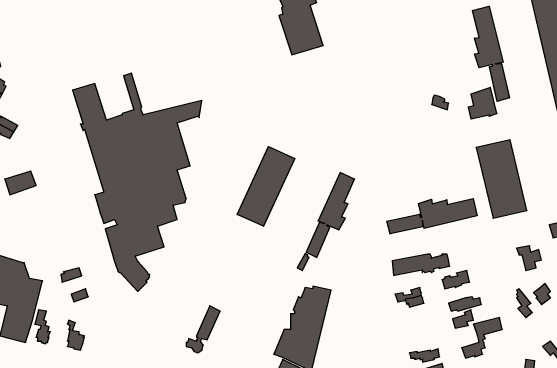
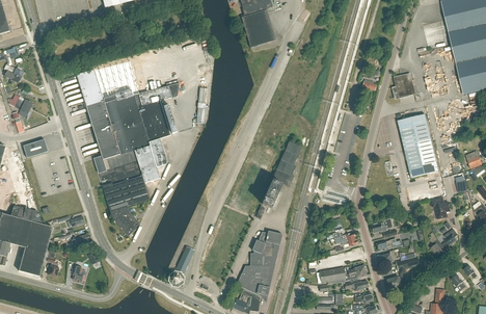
building: [473,6,509,101] -> none
building: [237,147,295,226] -> none
building: [387,199,477,234] -> none
building: [392,254,450,275] -> [320,266,366,283]

